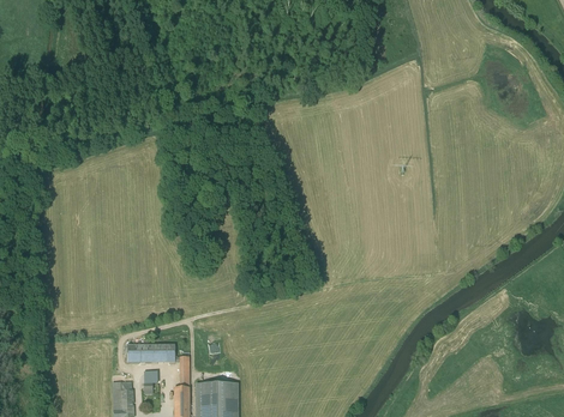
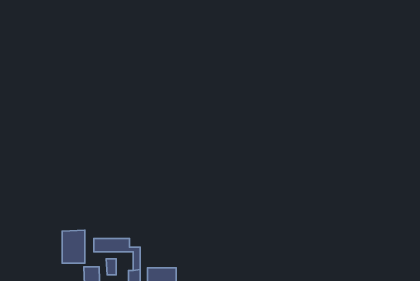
building: none -> [62,230,85,263]

